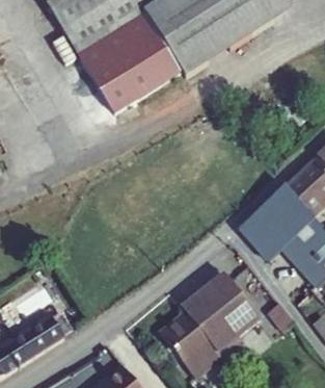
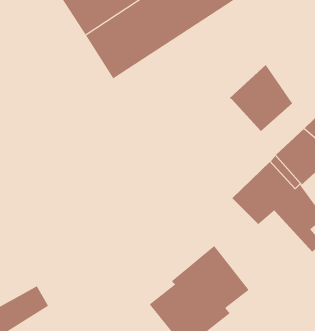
building: none -> [229,64,293,132]

